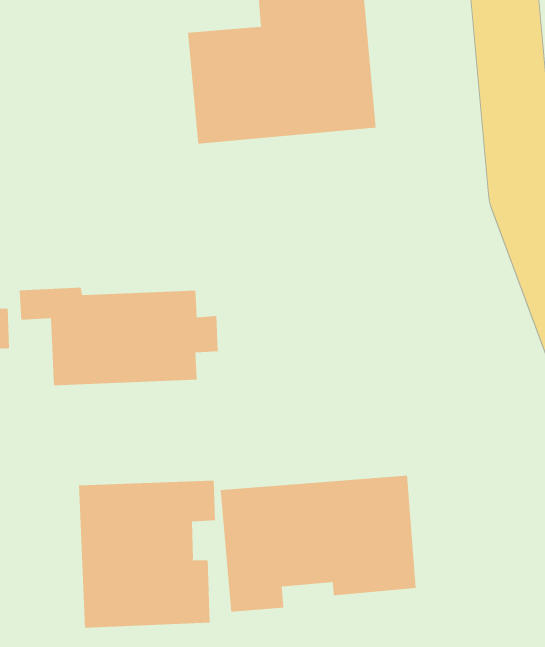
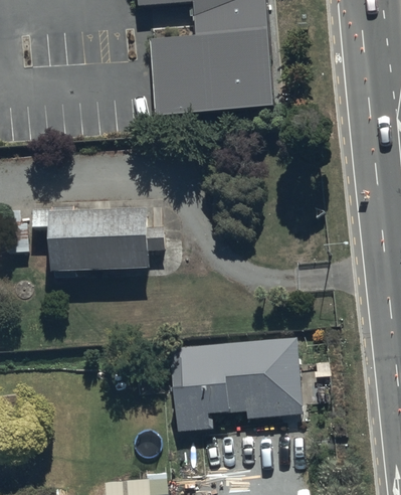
building: [79,480,216,628] -> none

